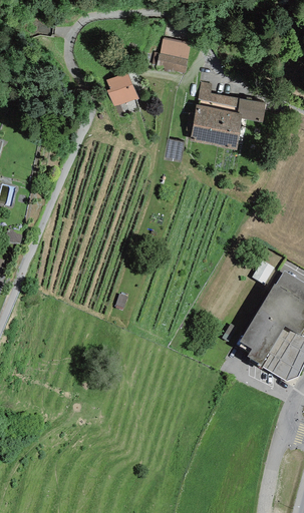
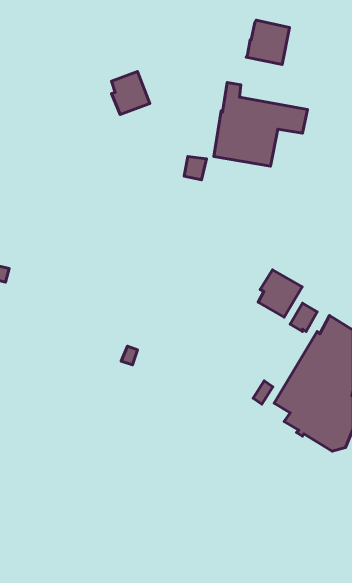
building: [156,37,191,73] -> [246,20,289,65]
building: none -> [258,270,302,317]

